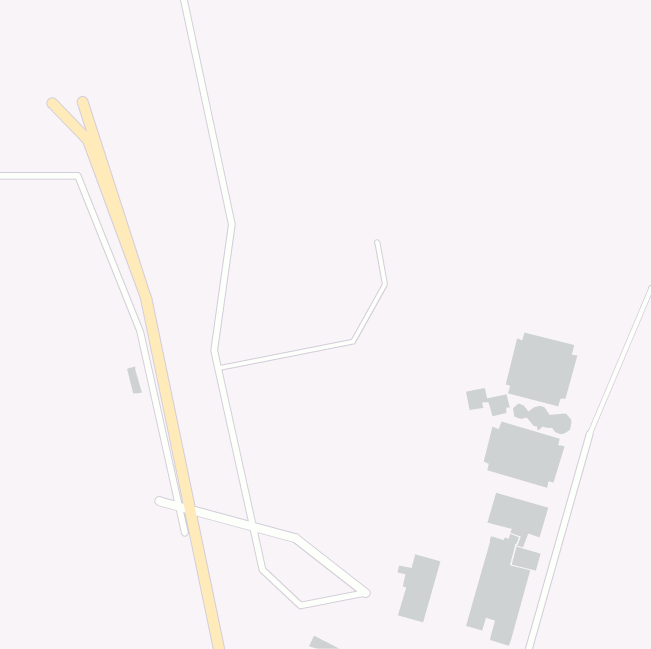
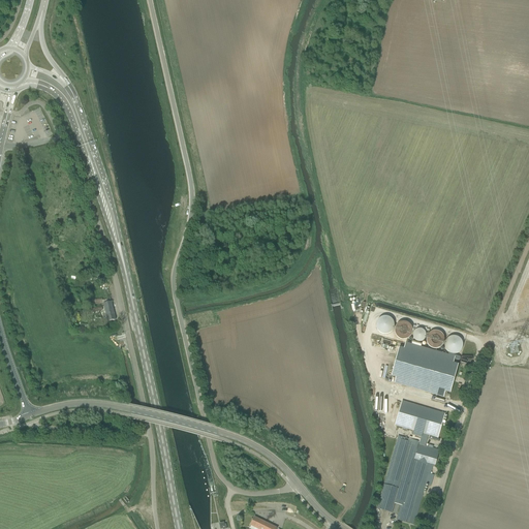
building: [505,332,578,407] -> none
building: [396,554,441,623] -> none

